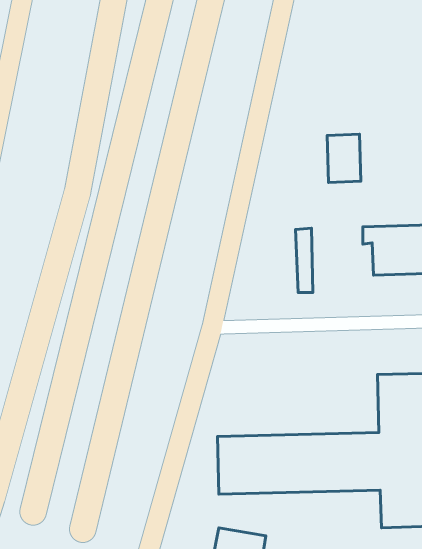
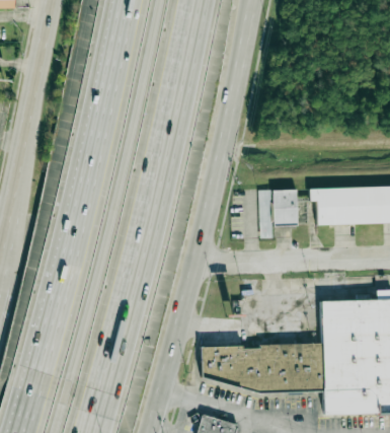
building: [327,134,361,182] -> [274,190,299,226]

